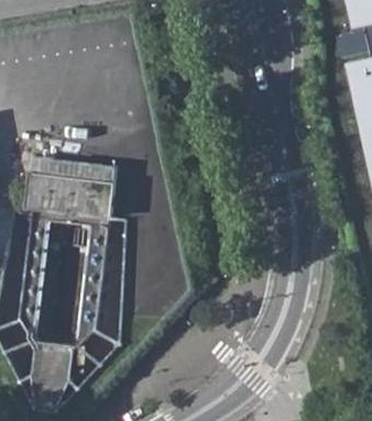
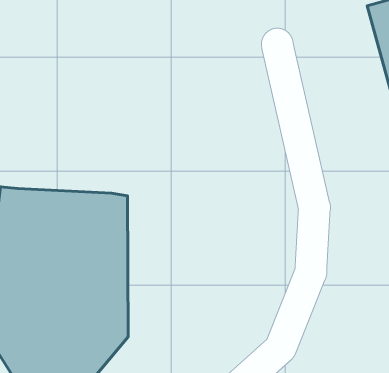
building: [26,155,116,215] -> none

